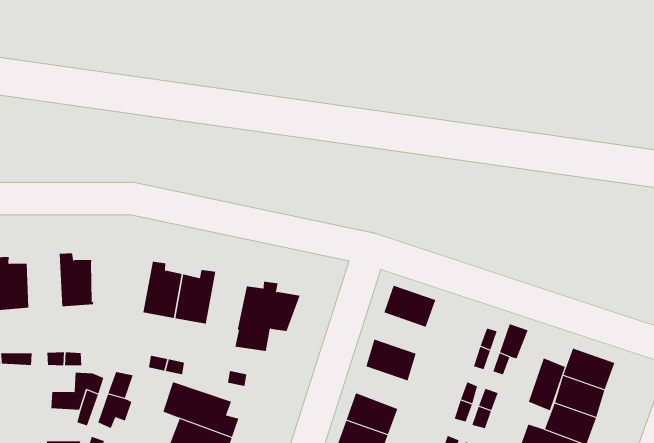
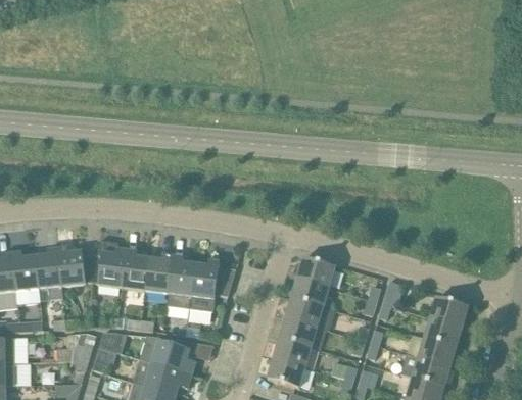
building: none -> [82,241,126,288]
building: none -> [35,248,62,299]
building: none -> [167,255,195,309]
building: none -> [290,279,328,307]
building: [528,357,566,411] -> none
building: none -> [279,318,317,348]

